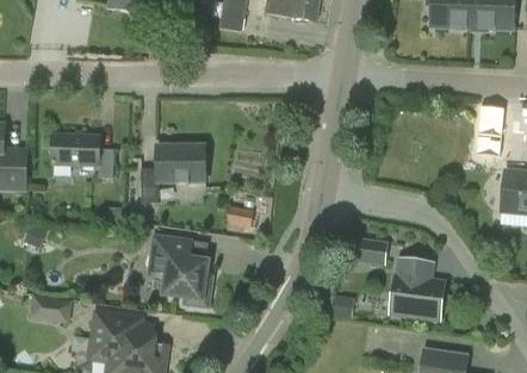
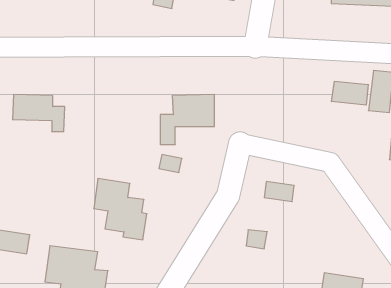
building: none -> [332,81,368,105]
building: [141,143,205,203] -> [160,94,214,145]
building: [390,256,444,318] -> none

